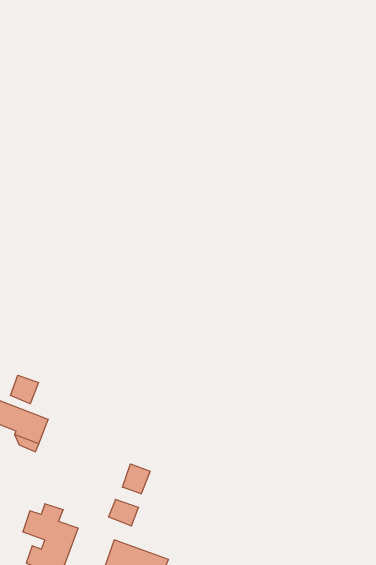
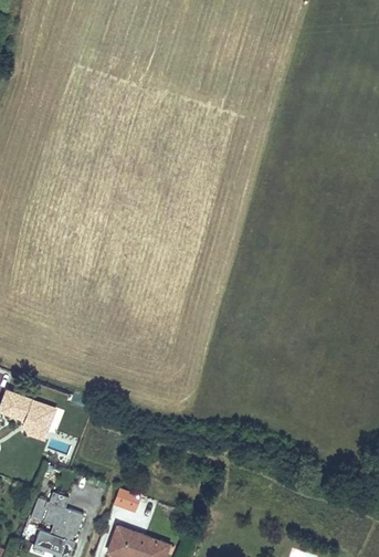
building: [11,375,38,404] -> none
building: [122,464,150,494] -> none

